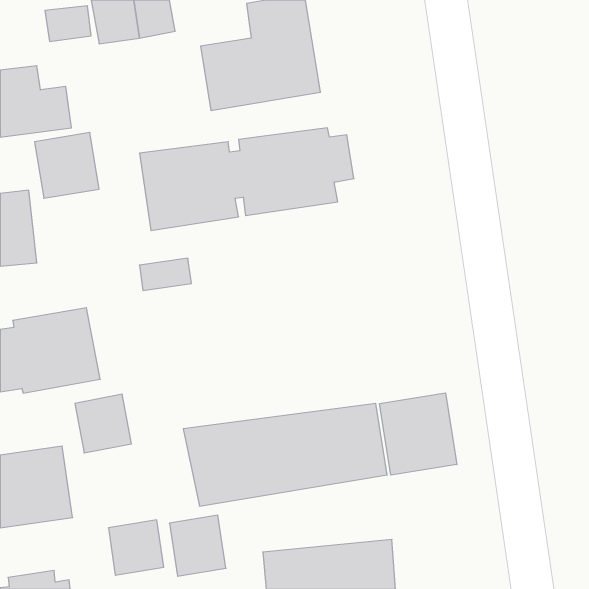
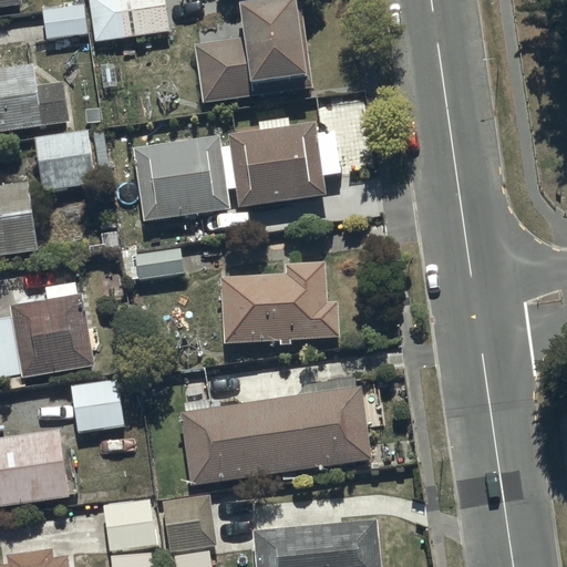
building: none -> [221,261,338,344]
building: [380,393,457,475] -> none

